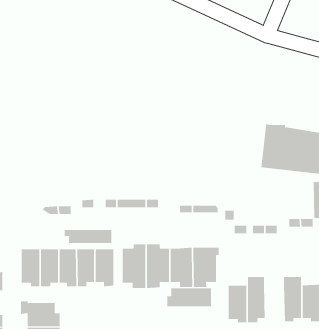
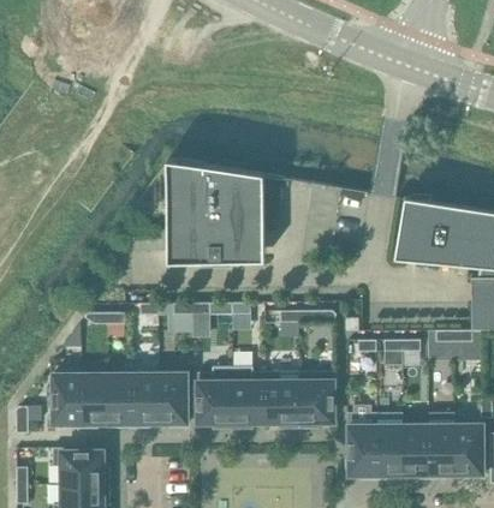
building: none -> [167,157,264,264]
building: [64,229,112,244] -> none
building: none -> [401,426,429,479]
building: [167,288,211,307] -> none

